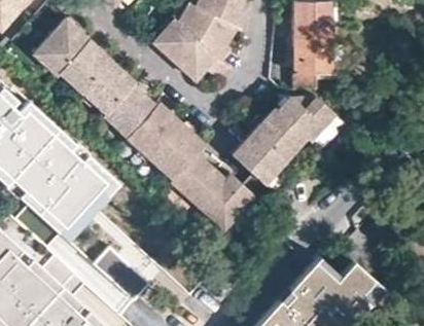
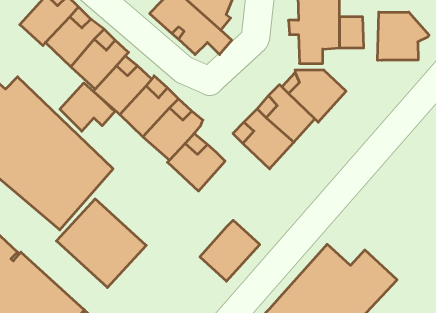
building: none -> [378,12,429,60]
building: none -> [60,83,115,131]
building: [199,173,254,229] -> [200,220,260,281]

